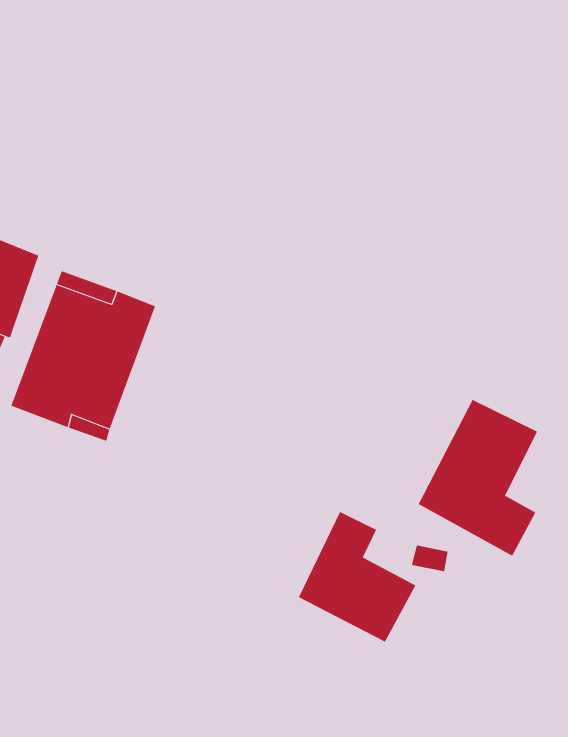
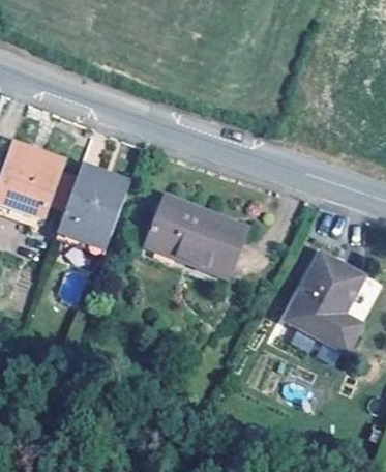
building: none -> [148,193,248,271]
building: [298,511,416,642] -> none

